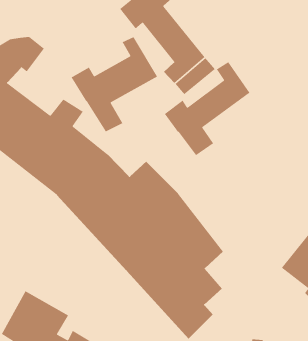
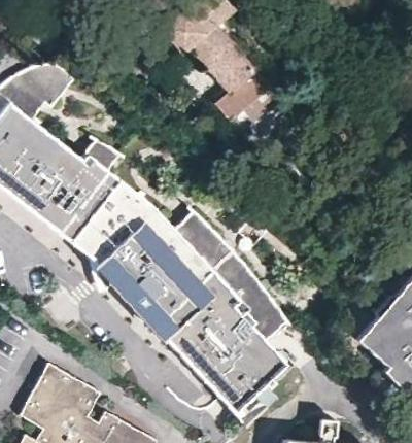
building: [71,36,158,132] -> none
building: [164,61,251,156] -> none

